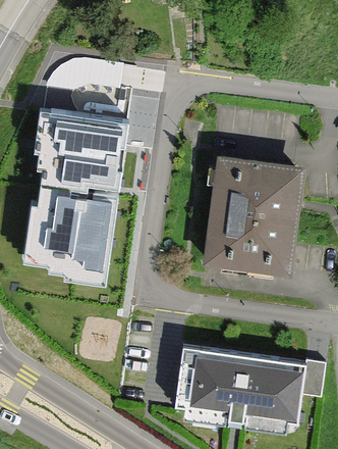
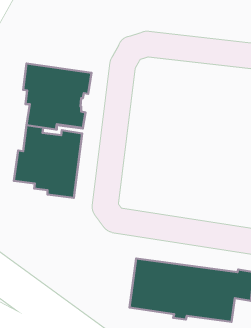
building: [207,158,297,271] -> none

